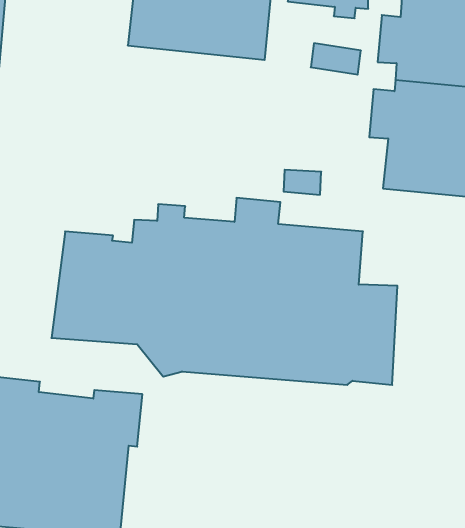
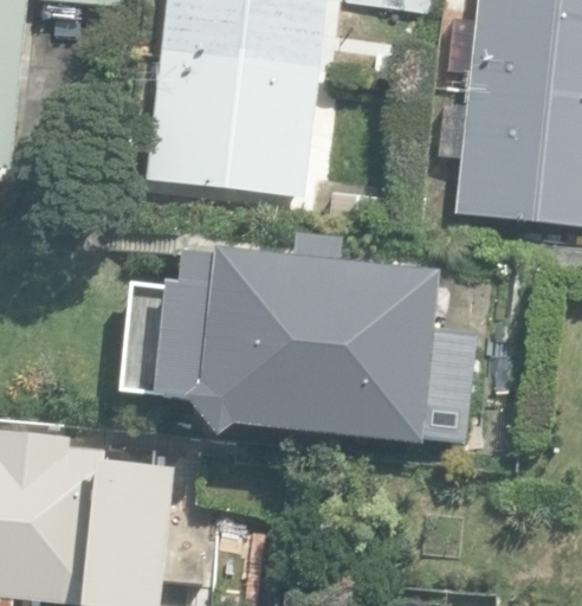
building: none -> [154,54,323,196]

